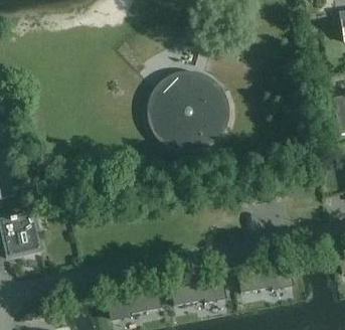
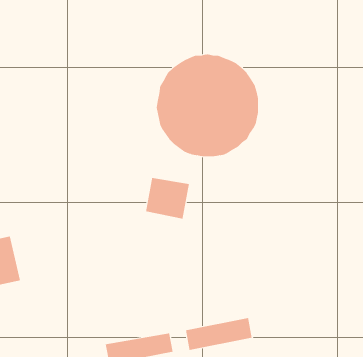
building: none -> [145,177,189,219]
building: [239,269,293,294] -> none

